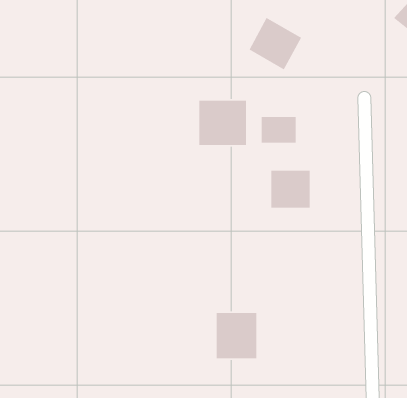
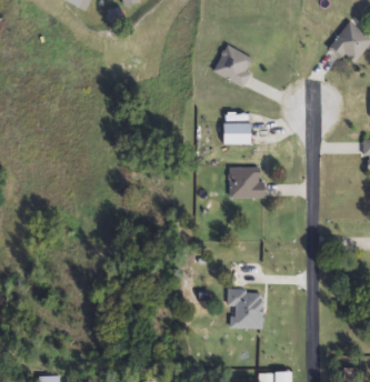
building: [198,100,247,146] -> none
building: [216,312,257,359] -> [229,290,262,328]

